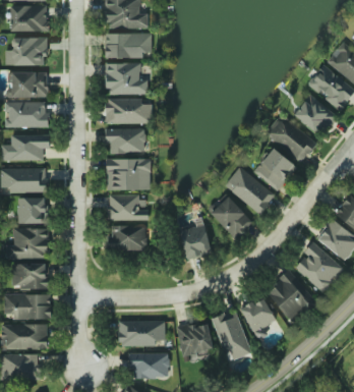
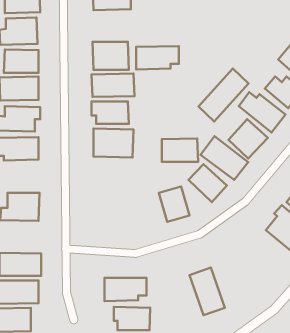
building: [105,33,152,58] -> [136,46,179,69]
building: none -> [198,68,249,121]
building: [108,194,147,220] -> [162,138,198,162]
building: [17,198,47,223] -> none
building: [109,225,146,250] -> none
building: [11,263,49,288] -> none
building: [266,271,316,322] -> none
building: [240,296,276,340] -> none
building: [178,323,213,357] -> none

